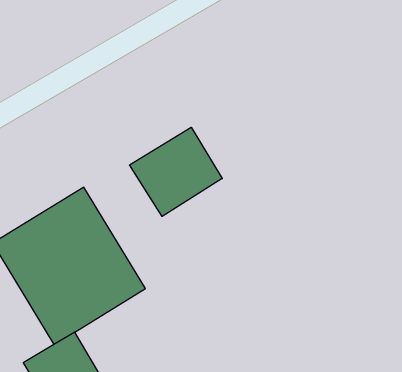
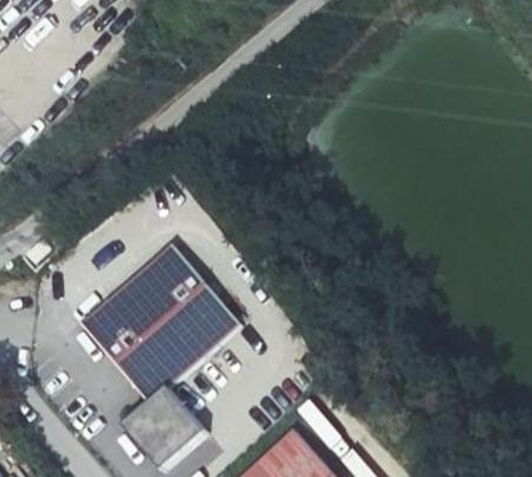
building: [130,127,222,216] -> none

